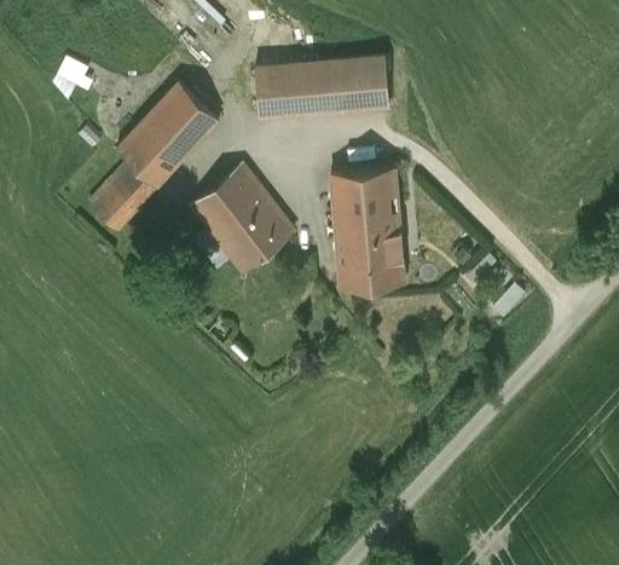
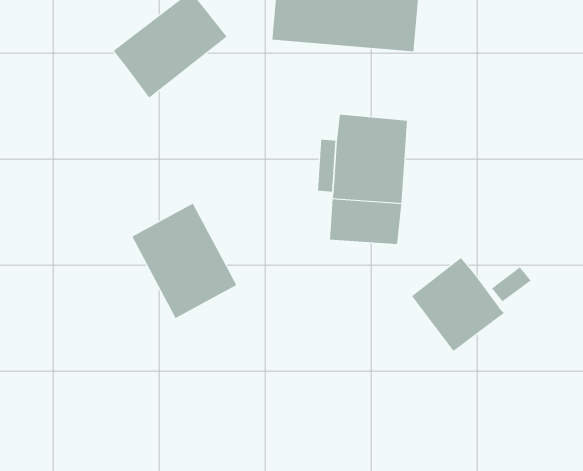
building: [89,160,157,229] -> none
building: [191,163,294,271] -> [131,203,237,319]
building: none -> [411,257,505,352]

